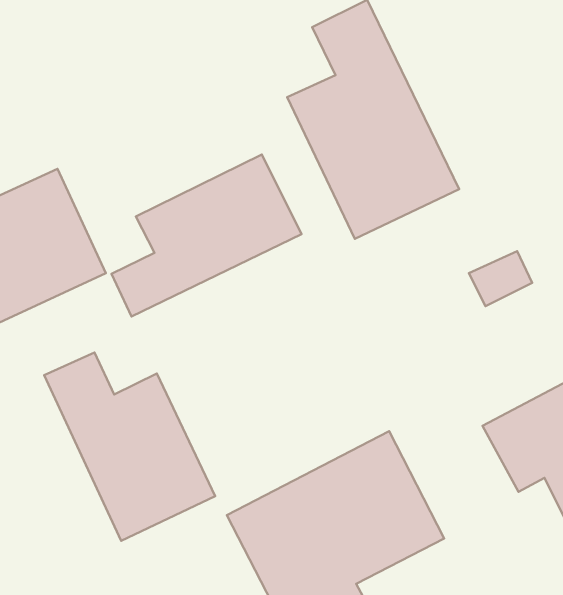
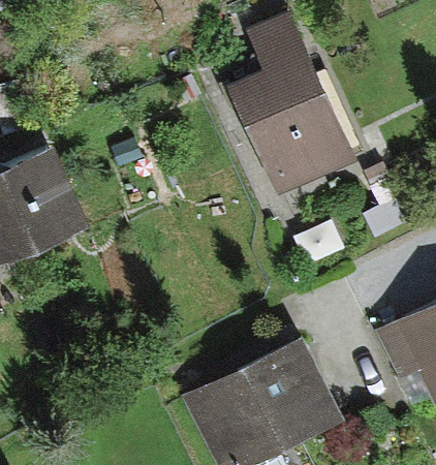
building: [112,154,302,317] -> none
building: [44,352,215,541] -> none

